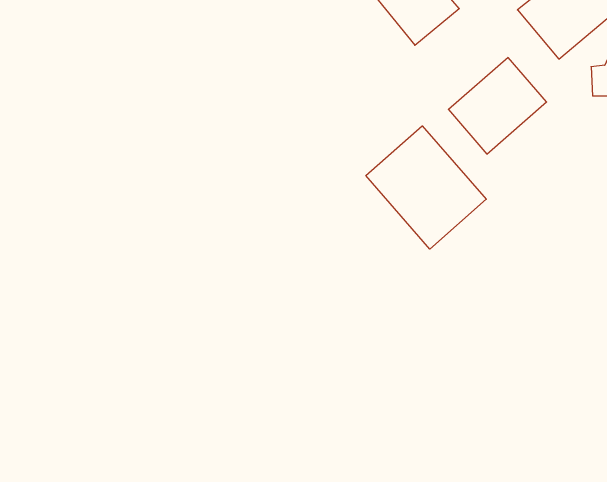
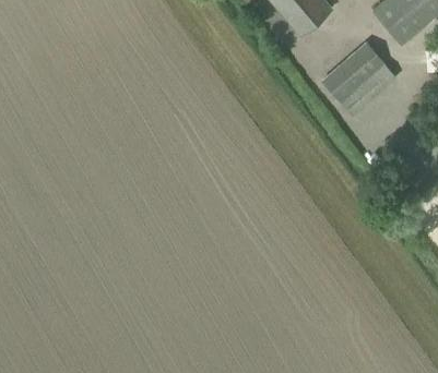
building: [366,126,486,249] -> none

